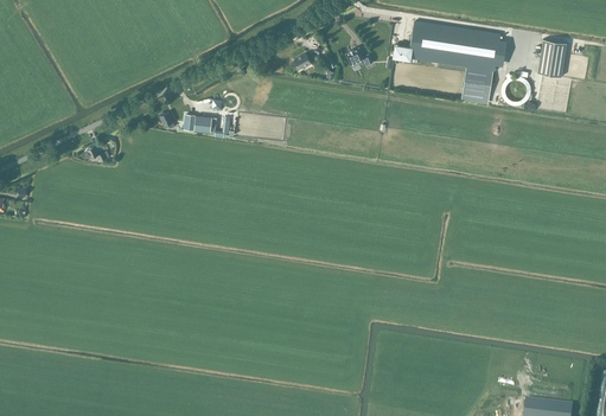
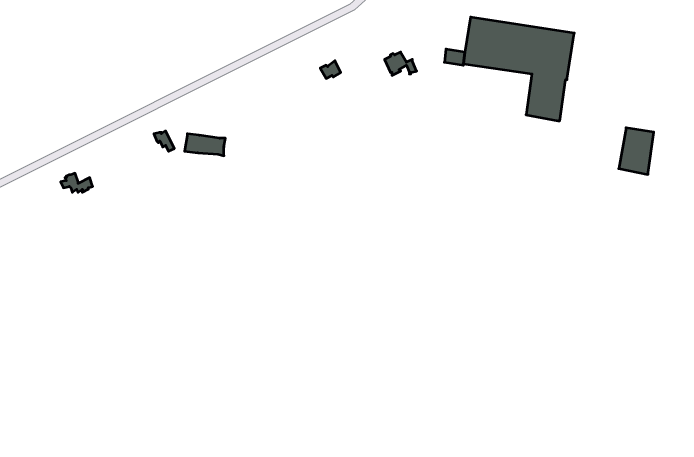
building: [538,39,567,77] -> [619,128,654,174]

